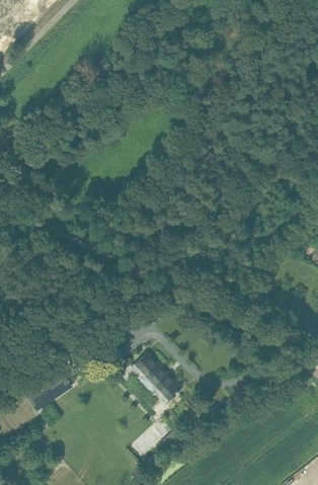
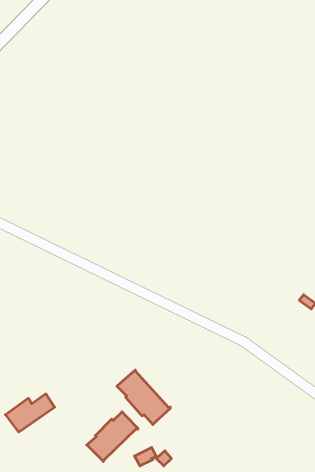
building: none -> [87,412,138,462]

